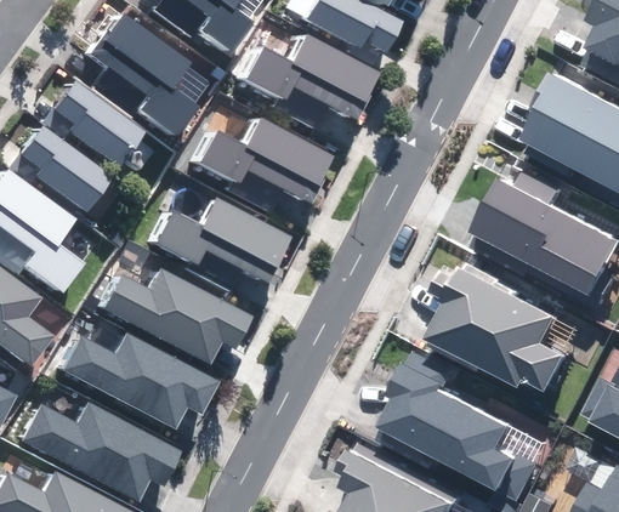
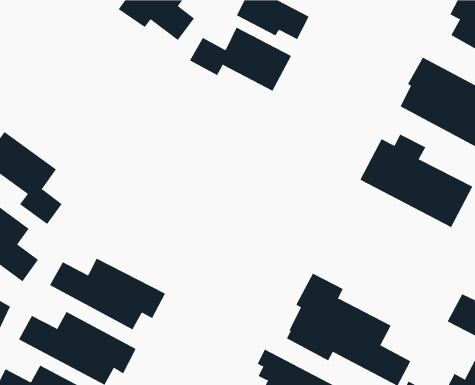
building: [95,15,216,133] -> none
building: [57,83,147,167] -> none
building: [201,120,335,203] -> none
building: [23,126,113,211] -> none
building: [158,199,291,283] -> none
building: [421,268,560,389] -> none
building: [106,269,252,363] -> none

